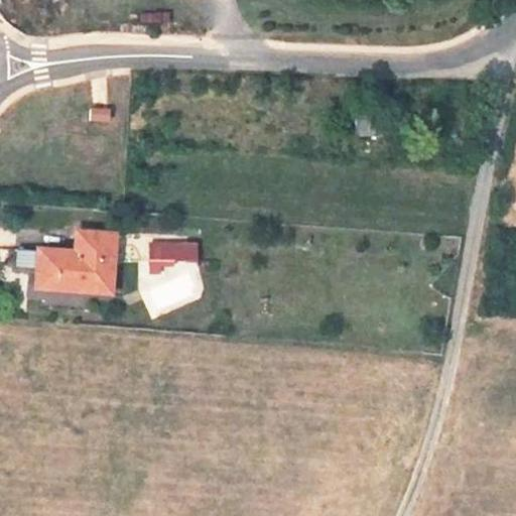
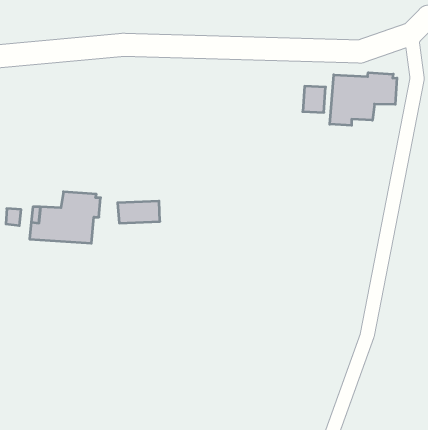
building: none -> [330,73,397,125]

